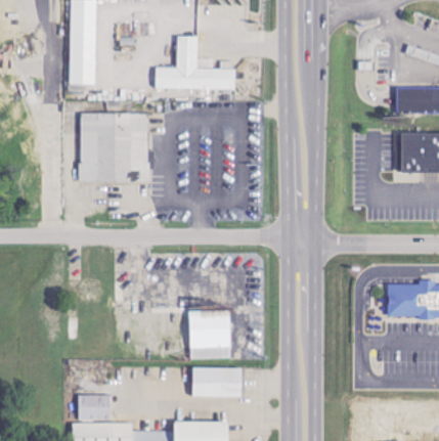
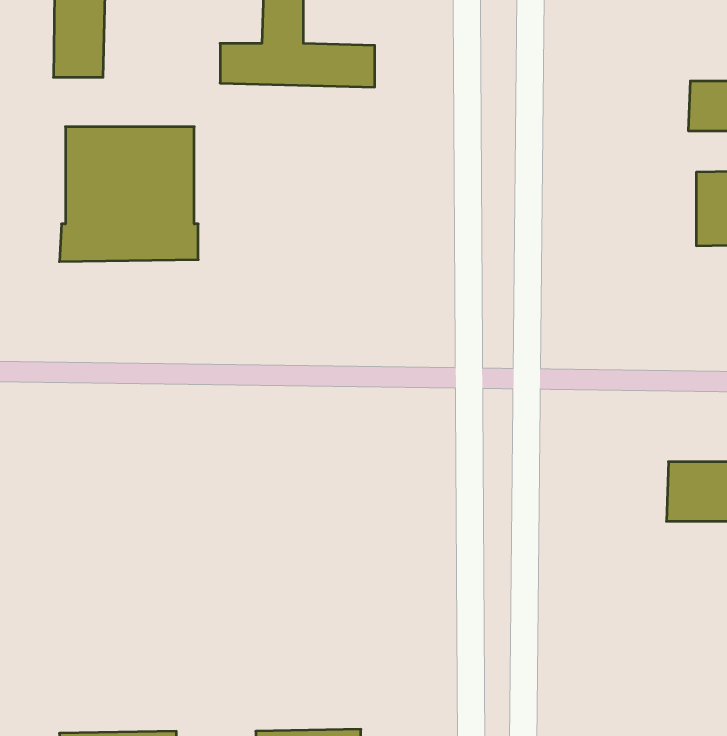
building: [189,311,231,359] -> none
building: [192,368,243,397] -> none
building: [79,395,112,421] -> none

